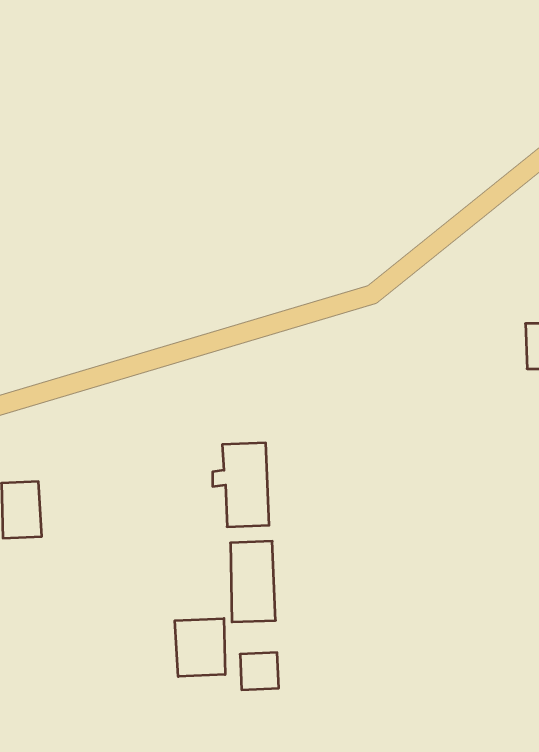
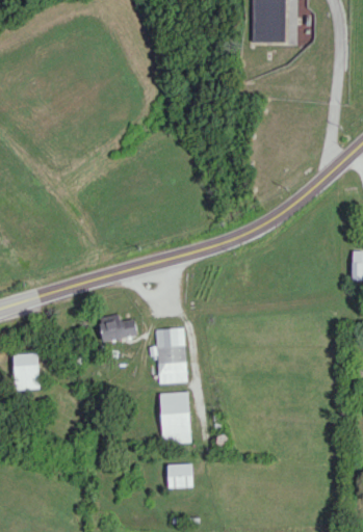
building: none -> [100,315,137,341]
building: [175,618,225,677] -> none

